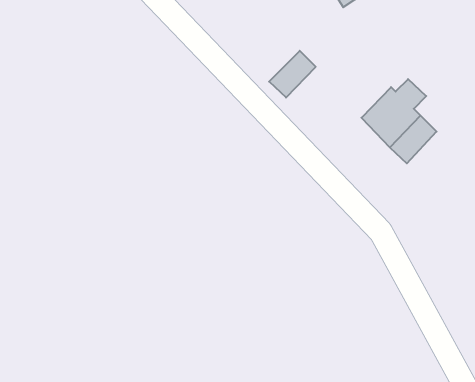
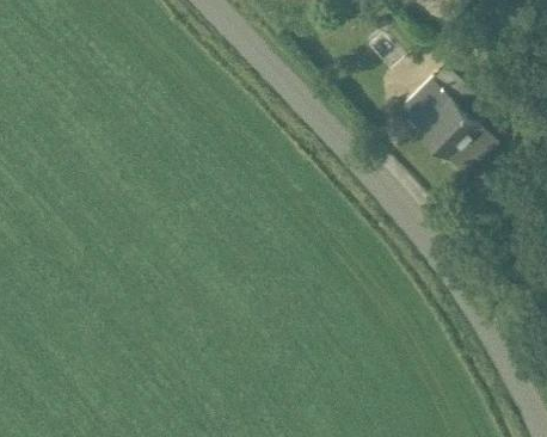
building: [269,51,316,98] -> [399,78,448,127]

